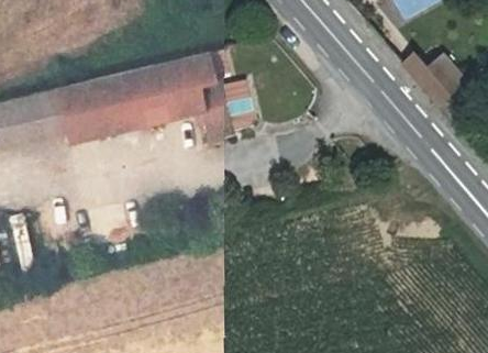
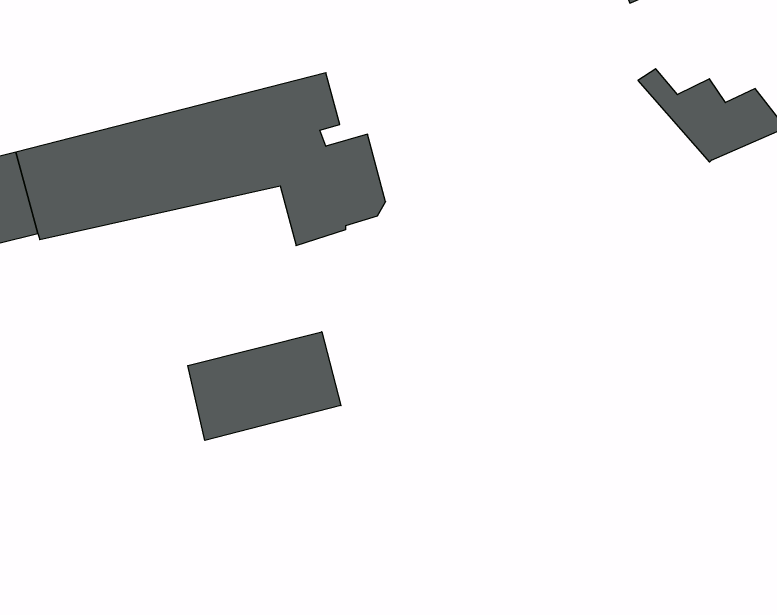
building: none -> [188,332,341,440]

